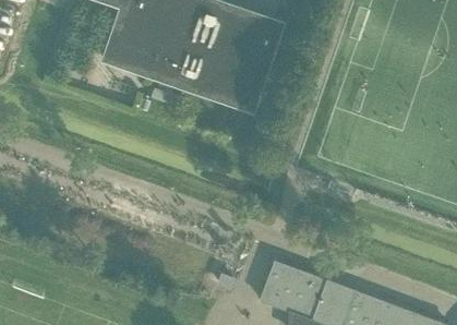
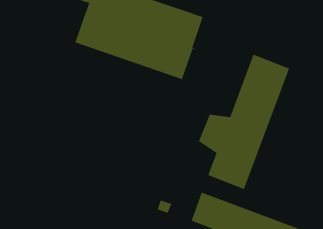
building: none -> [198,54,290,190]

